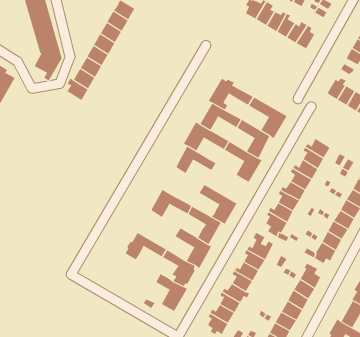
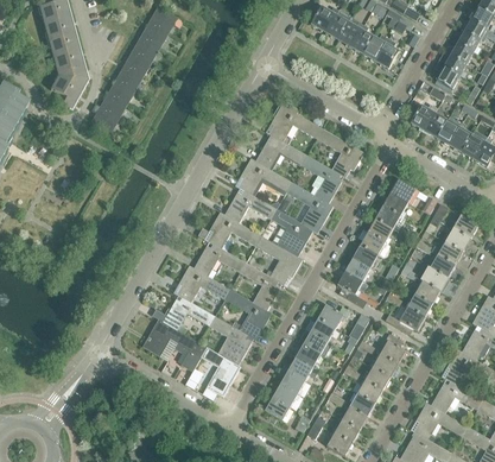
building: none -> [271,209,312,257]
building: none -> [197,211,261,248]
building: none -> [173,265,231,302]
building: none -> [142,318,207,373]

